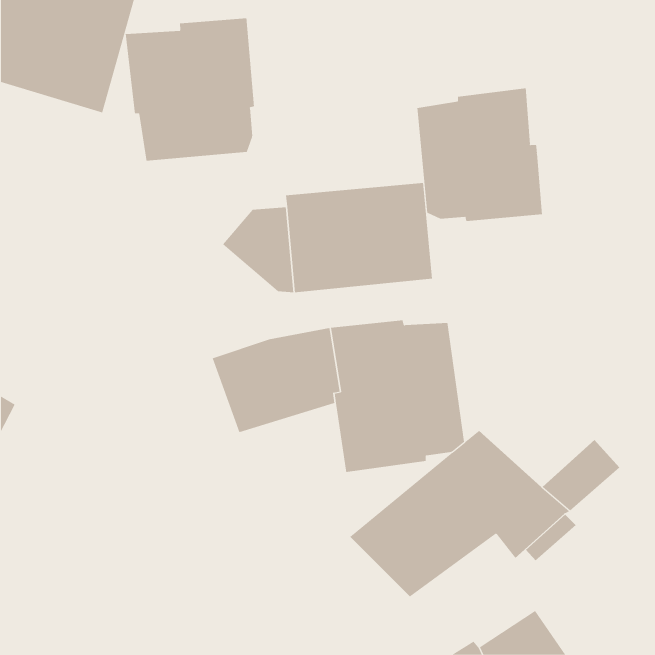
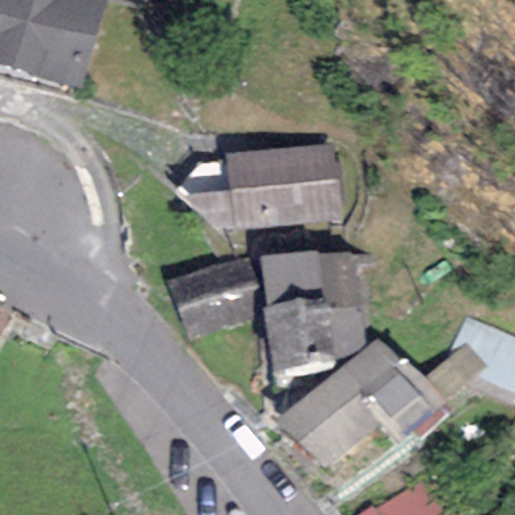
building: [125,17,255,162] -> none
building: [417,87,543,222] -> none

